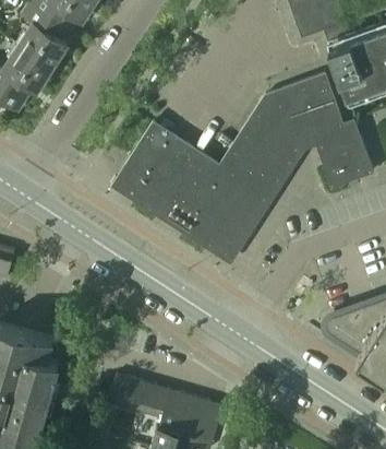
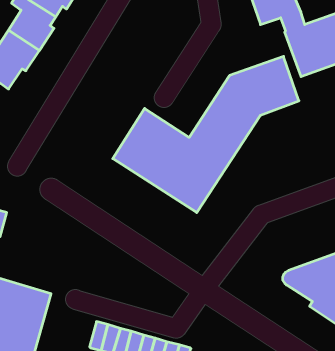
building: [114,125,169,192] -> none
building: [318,140,373,190] -> none

